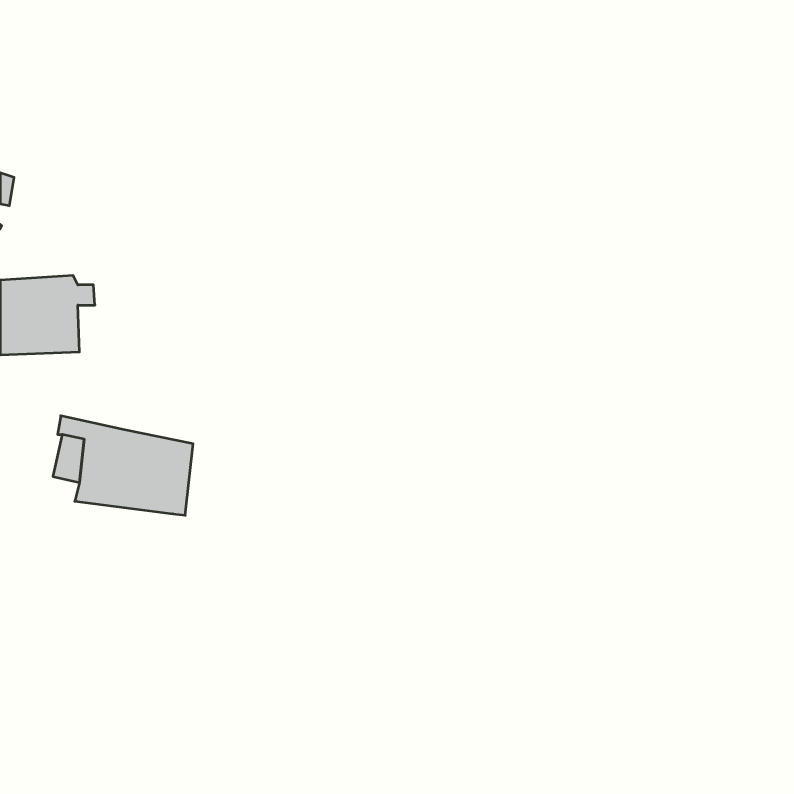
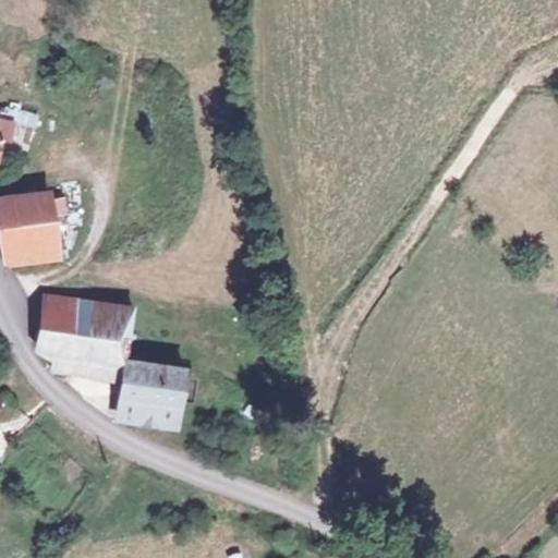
building: none -> [118,360,183,418]

